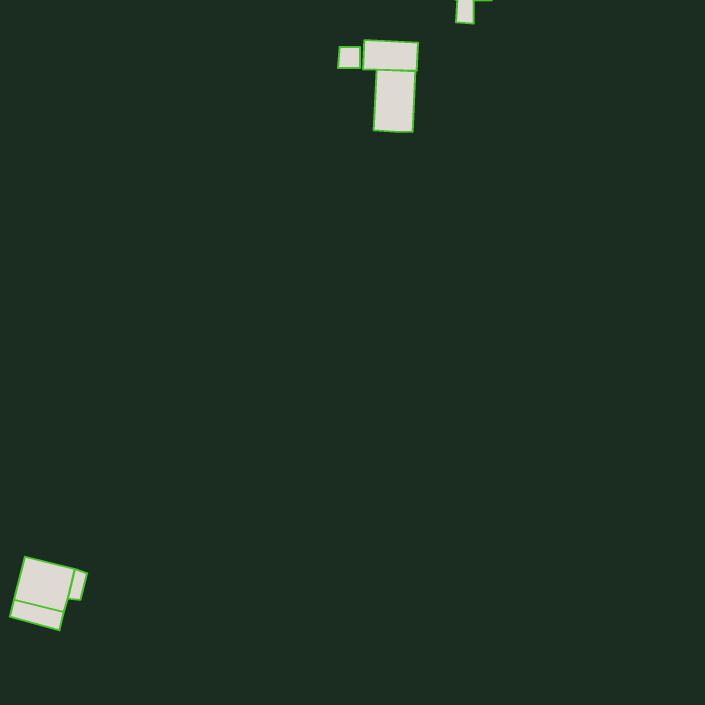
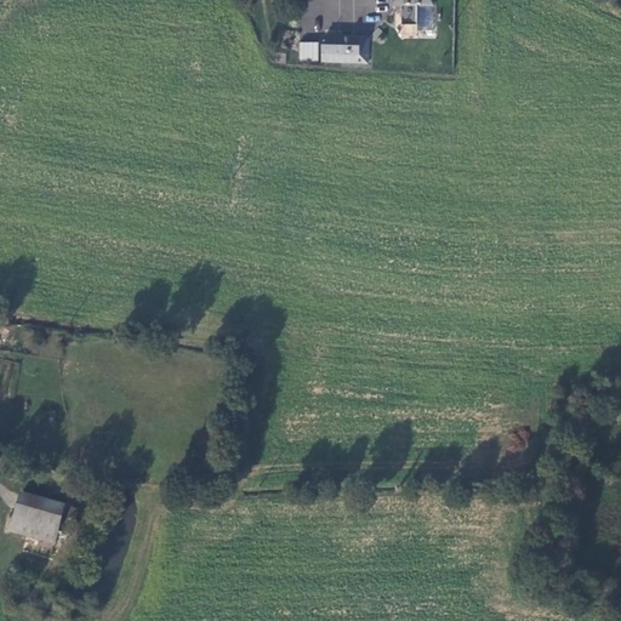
building: [374,70,415,132] -> none

